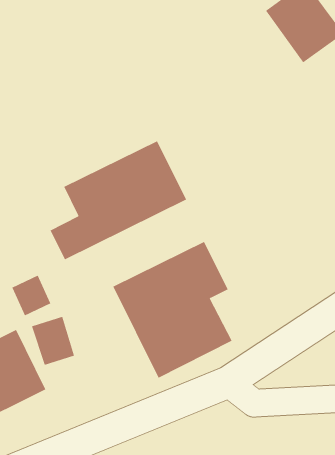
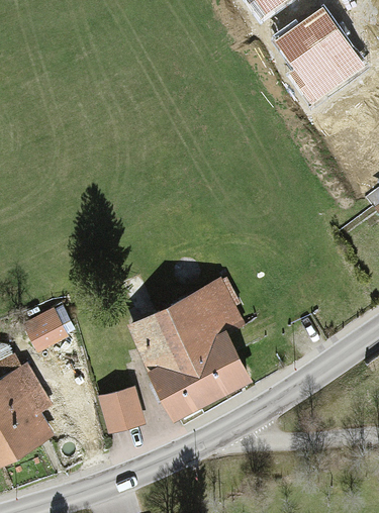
building: [50,141,187,260] -> none
building: [31,316,75,366] -> [99,387,144,437]

